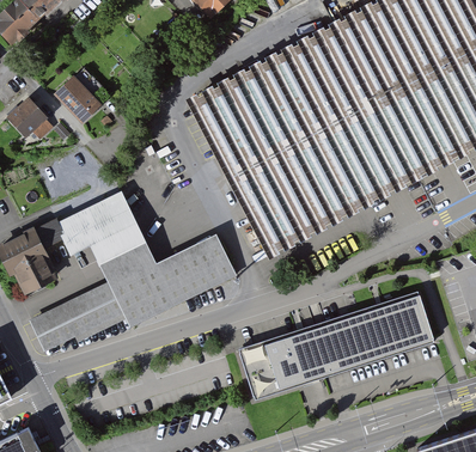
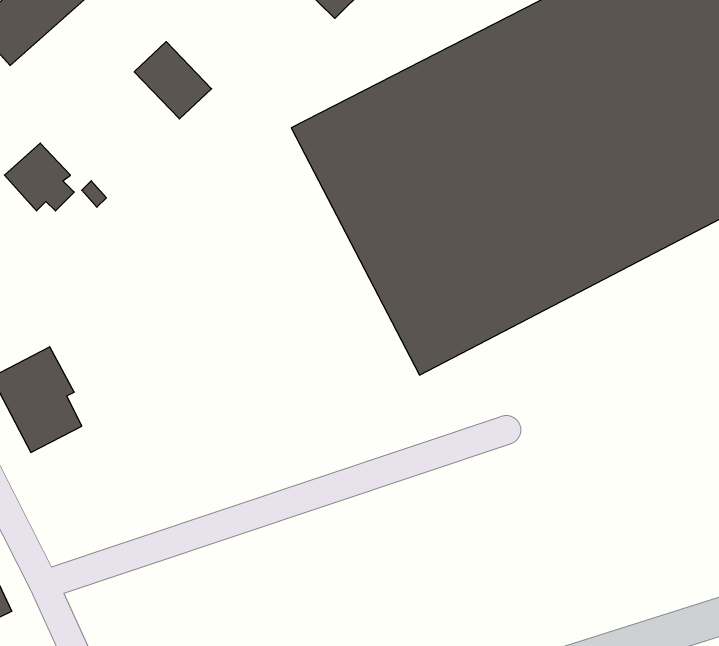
building: [54,75,103,124] -> [134,42,212,119]
building: [32,189,238,350] -> none
building: [244,292,437,397] -> none

